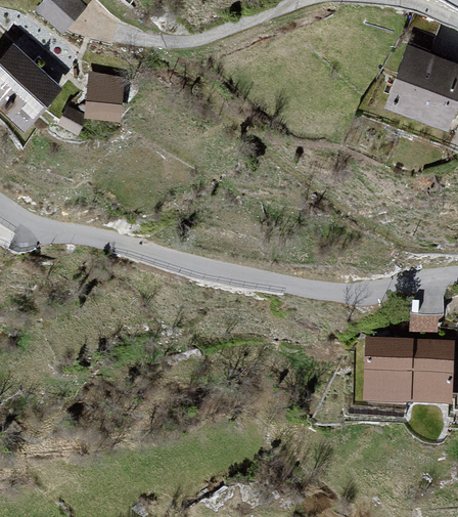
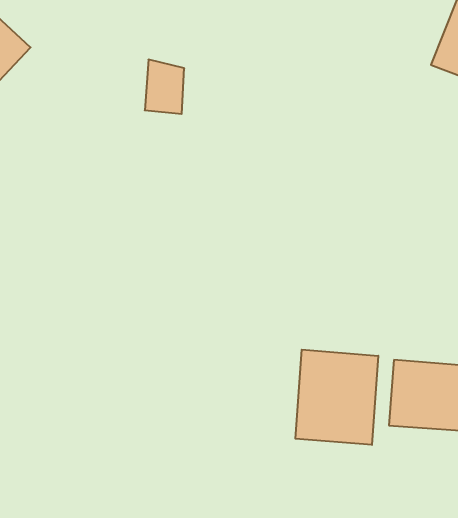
building: [90,71,123,116] -> [145,60,184,114]
building: none -> [295,350,378,445]

